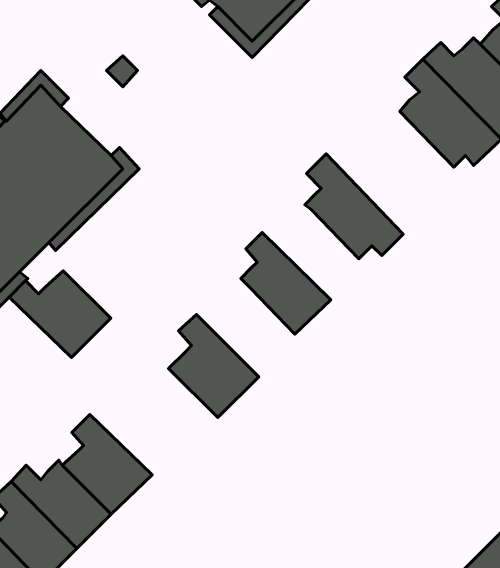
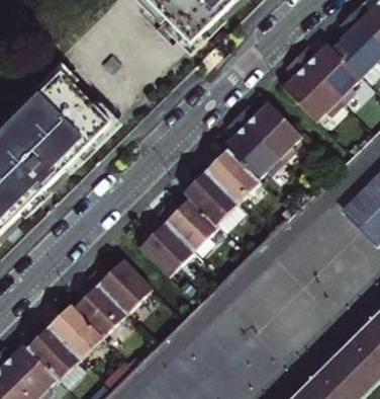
building: none -> [236,100,301,162]
building: none -> [197,147,261,203]
building: [9,271,111,358] -> [91,257,154,311]
building: none -> [157,195,220,250]

